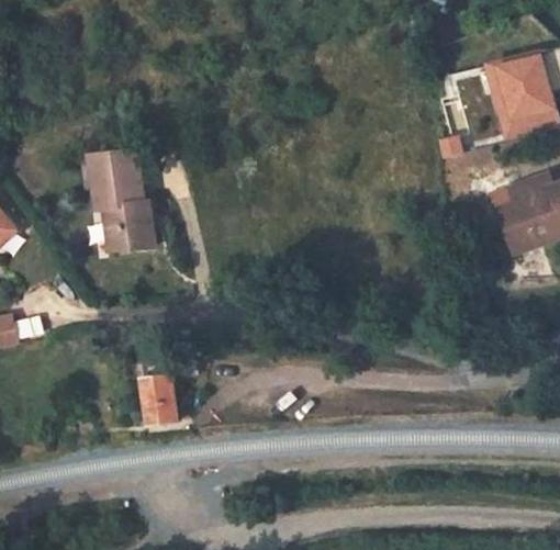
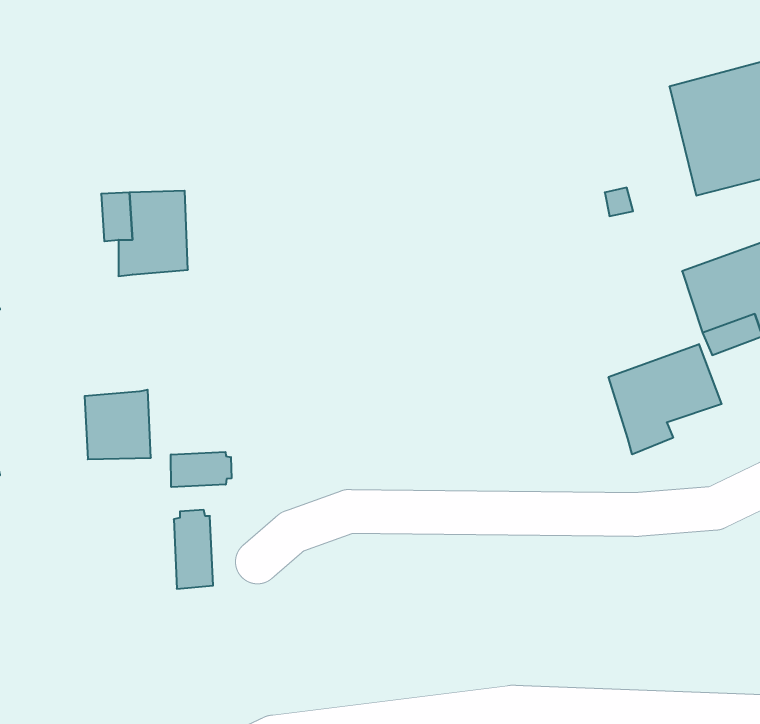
building: [109,200,155,248] -> [85,390,151,459]
building: none -> [609,344,722,454]
building: none -> [171,452,231,487]

